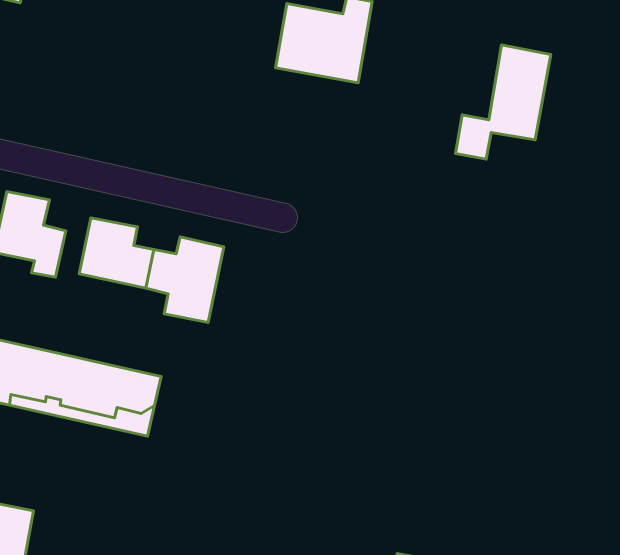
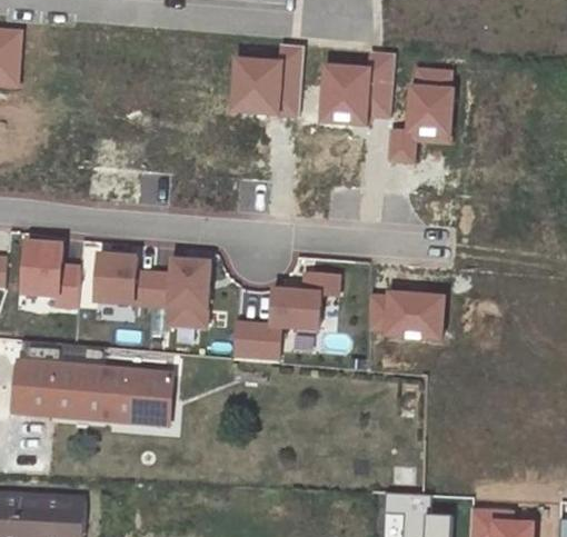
building: none -> [318,51,397,126]
building: none -> [231,272,338,360]
building: none -> [366,290,445,341]

